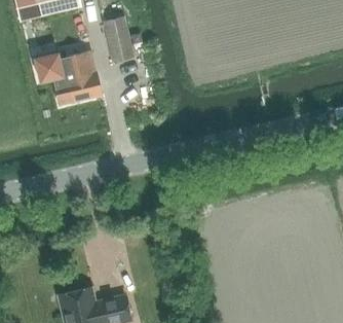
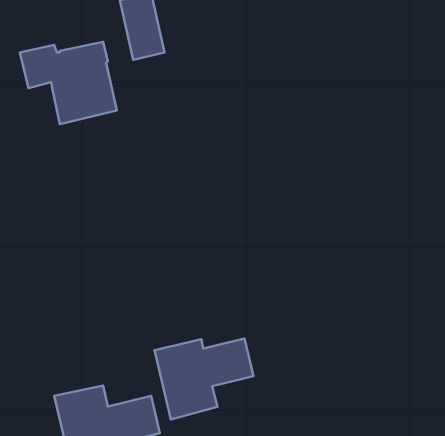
building: none -> [154,339,253,419]

